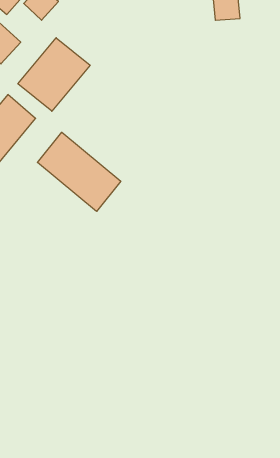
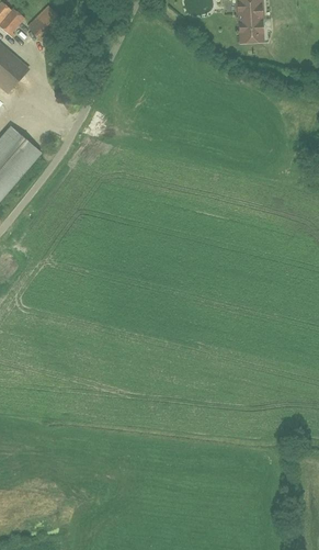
building: [18,38,90,111] -> none
building: [37,132,121,211] -> none

